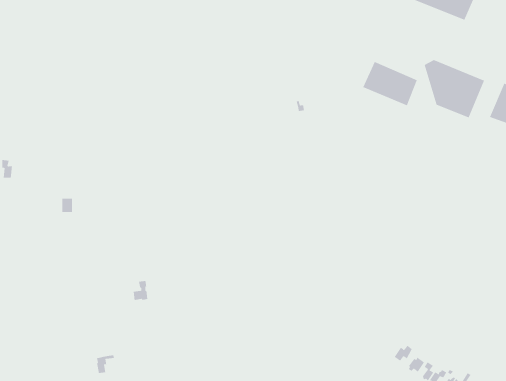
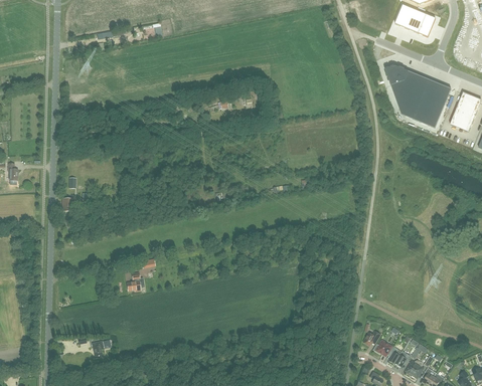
building: [362,61,417,106] -> none

